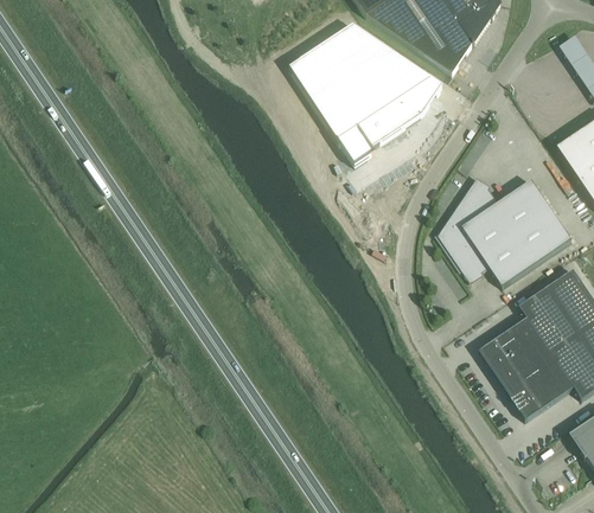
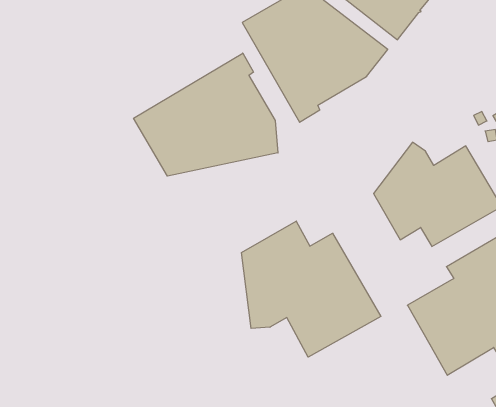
building: none -> [134,53,278,176]
building: none -> [242,221,381,357]

